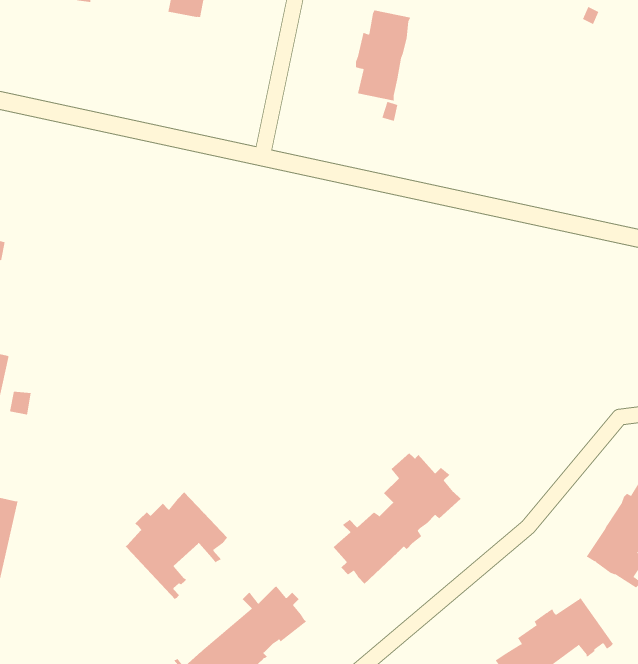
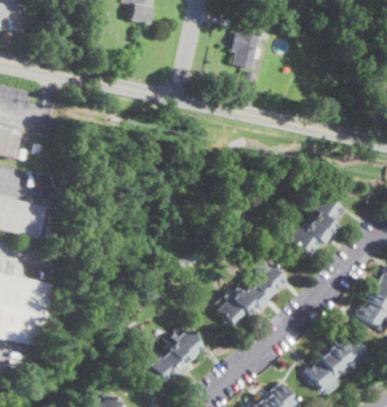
building: none -> [286,192,345,256]
building: [125,491,228,600] -> none

